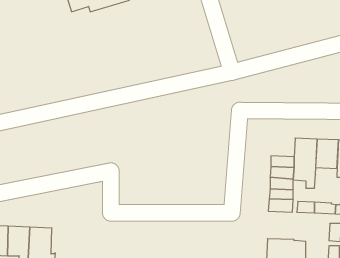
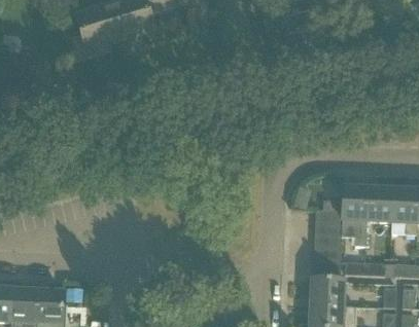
building: none -> [312,279,344,305]

